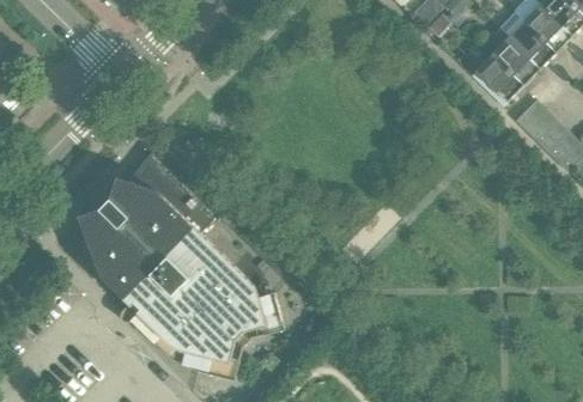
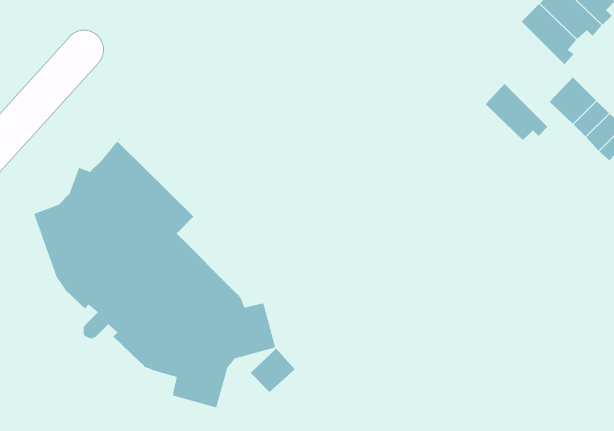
building: [473,53,527,102] -> [485,83,548,141]
building: none -> [250,348,296,393]

